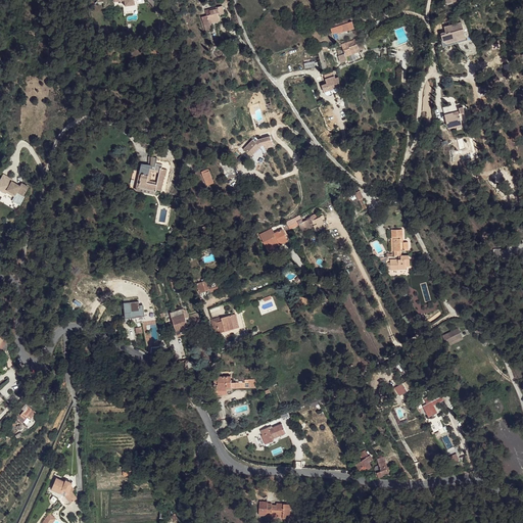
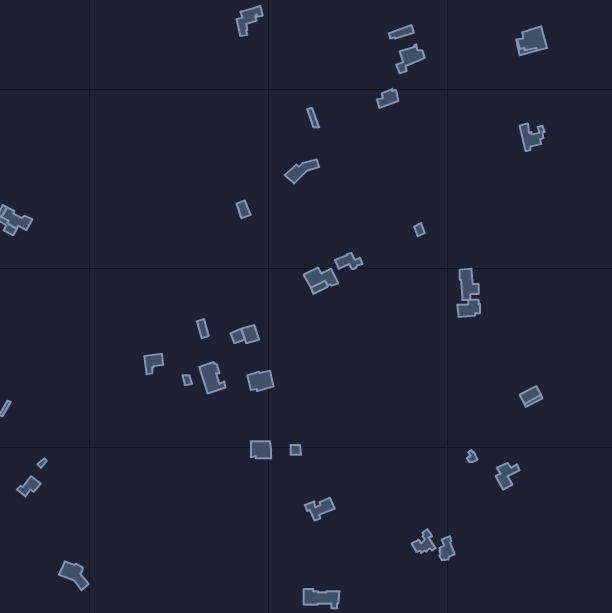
building: [138,163,167,191] -> none

